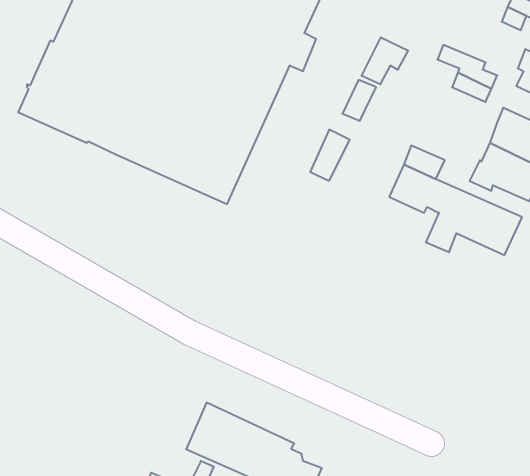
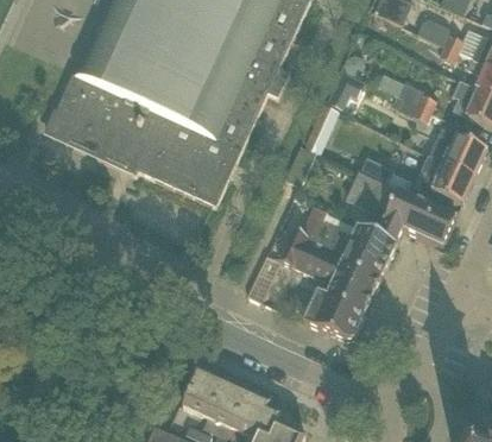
building: none -> [279,213,397,341]

